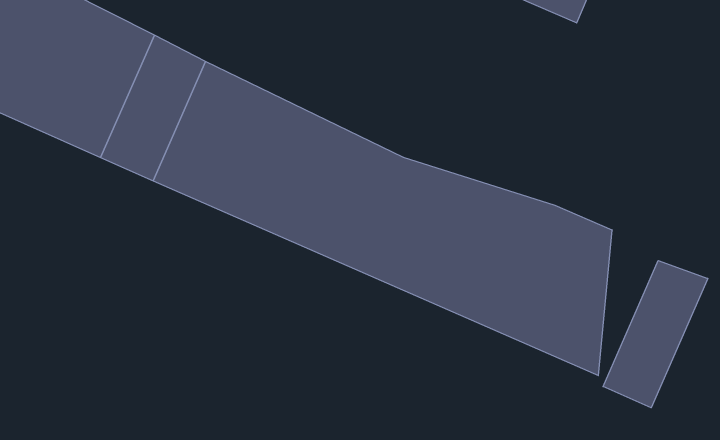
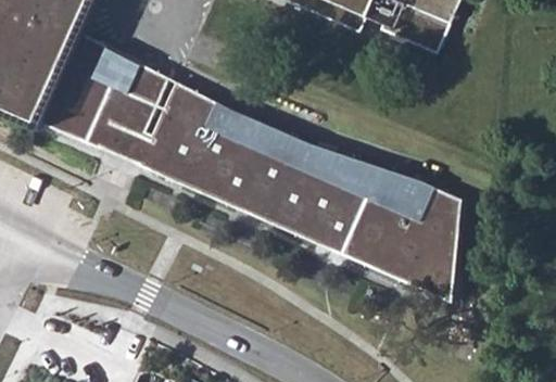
building: [603,261,708,408] -> none

